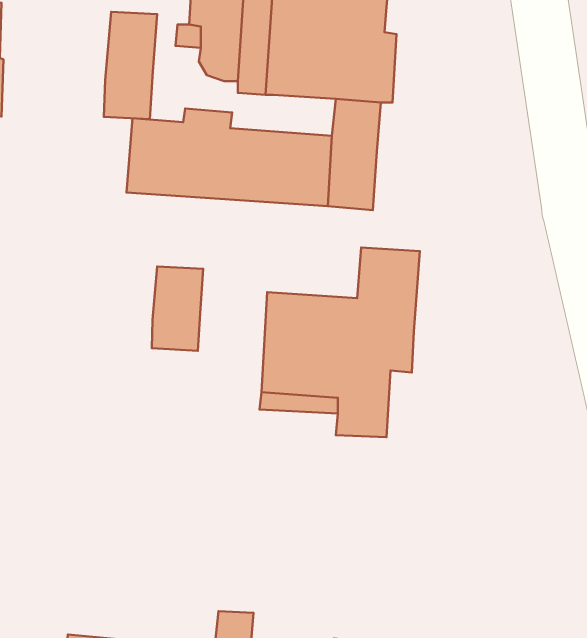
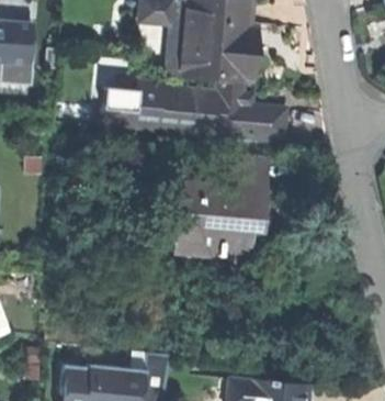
building: [104,12,157,119] -> none
building: none -> [240,102,287,138]
building: [152,266,203,351] -> none

